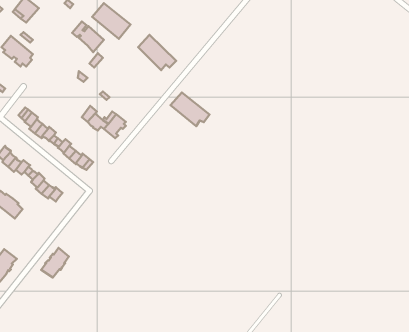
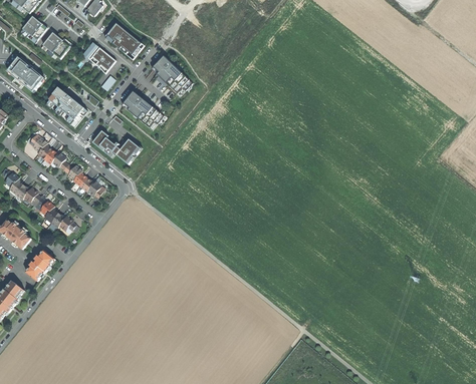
building: none -> [40,32,69,58]
building: none -> [44,86,86,126]
building: [170,93,210,126] -> [122,91,163,126]
building: [41,248,69,278] -> [25,249,54,280]

